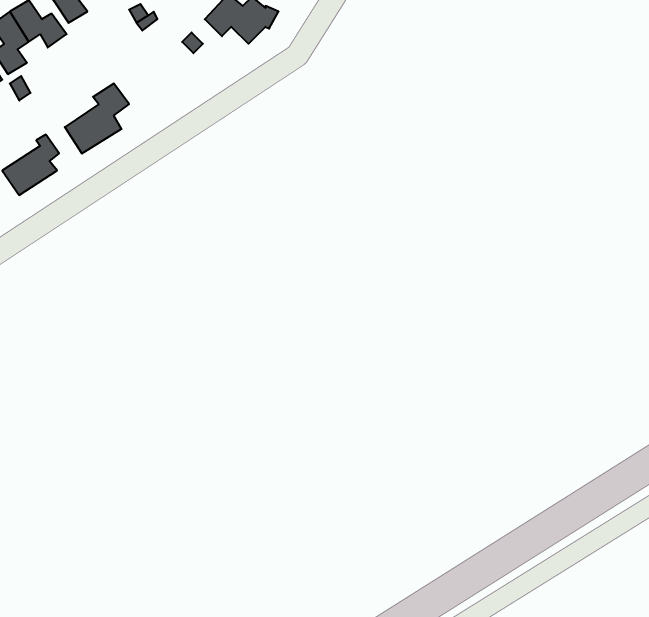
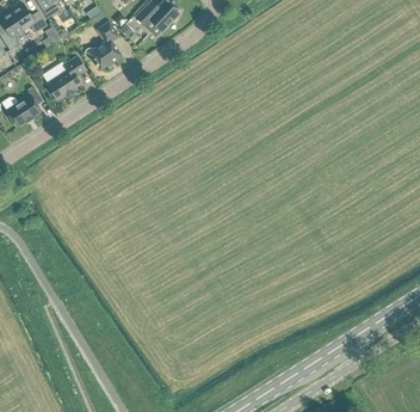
building: none -> [86,21,124,69]

